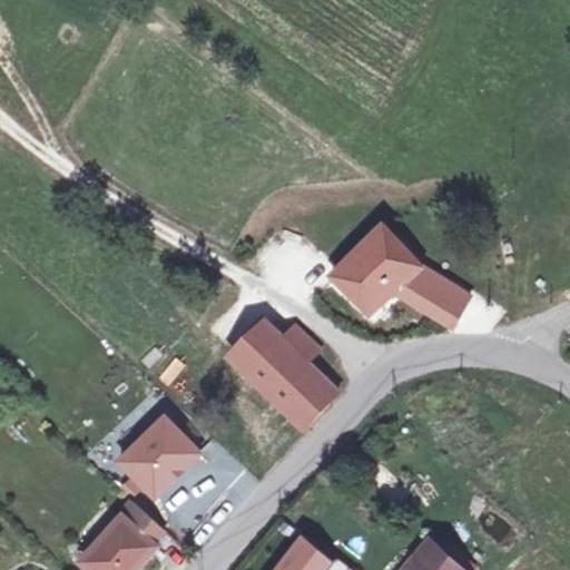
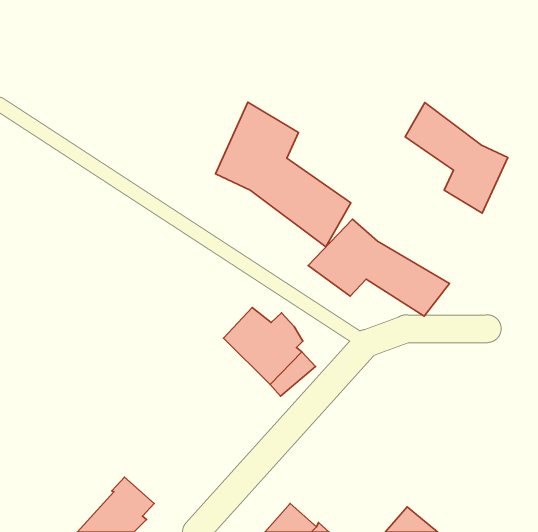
building: none -> [215,102,351,247]
building: none -> [405,103,508,213]
building: [116,417,196,497] -> none

